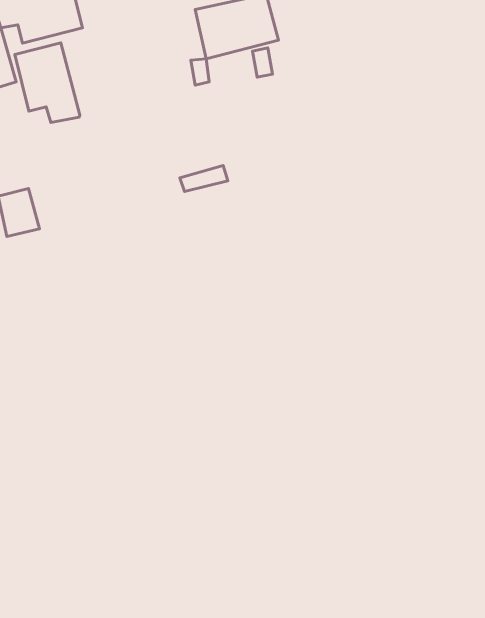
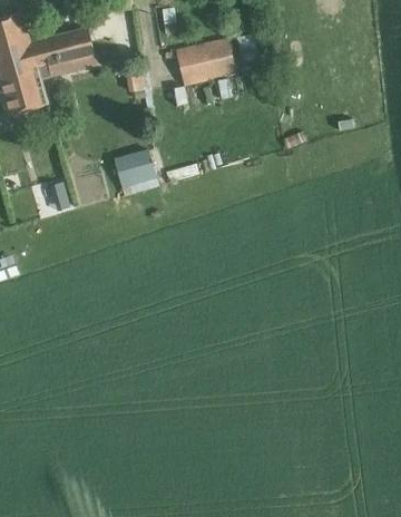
building: [15,43,80,122] -> none
building: none -> [114,147,159,195]

